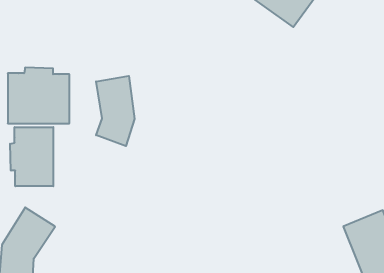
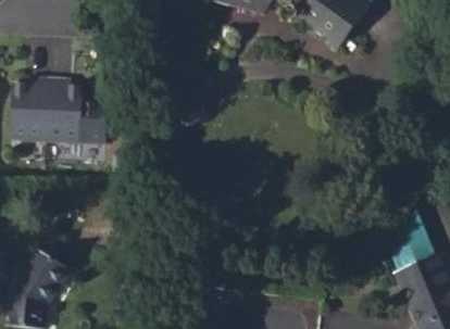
building: [96,76,134,146] -> none
building: [10,127,53,186] -> none

